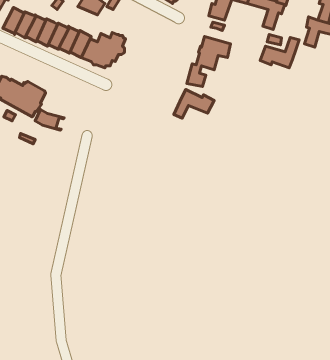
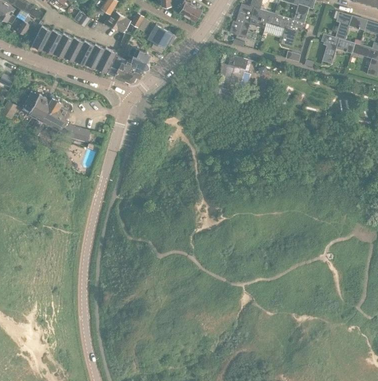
building: none -> [146,24,175,49]
building: [260,37,299,68] -> none
building: [174,90,214,118] -> none

